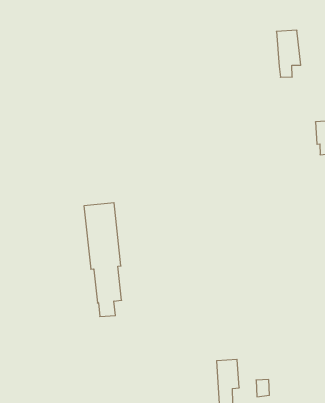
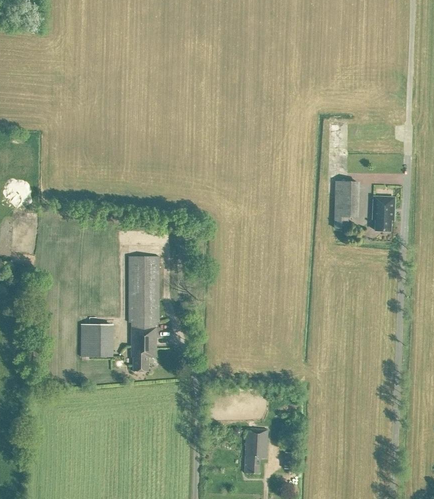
building: [276,30,301,77] -> [334,180,356,228]
building: none -> [80,324,111,356]

